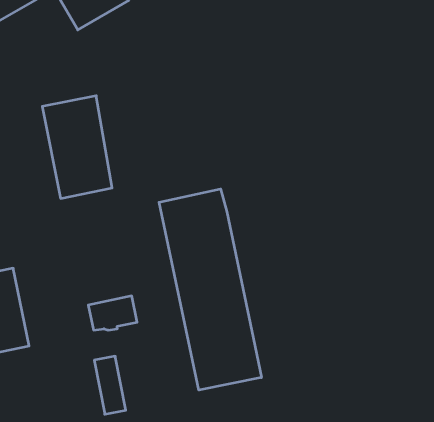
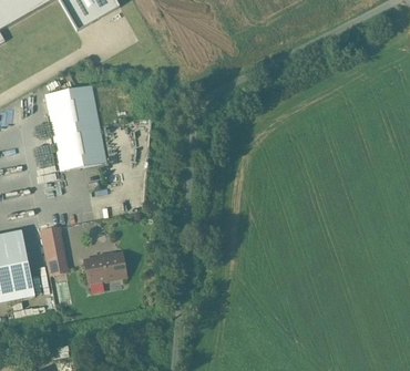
building: [159,189,261,390] -> none
building: [94,356,126,414] -> [41,226,68,275]

